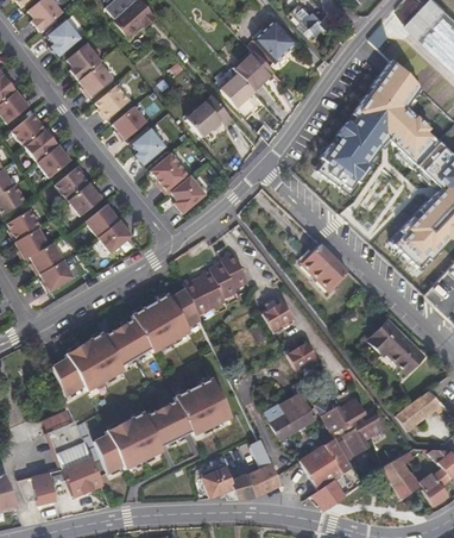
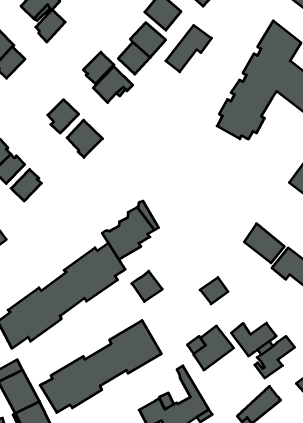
building: none -> [166,25,212,72]
building: [96,83,130,119] -> [36,9,65,42]
building: [113,105,147,139] -> [83,52,114,84]
building: [171,174,206,211] -> none
building: [96,215,131,250] -> none
building: [301,238,345,283] -> [244,224,284,263]
building: [258,299,291,332] -> [132,271,162,302]
building: [297,439,348,492] -> none

